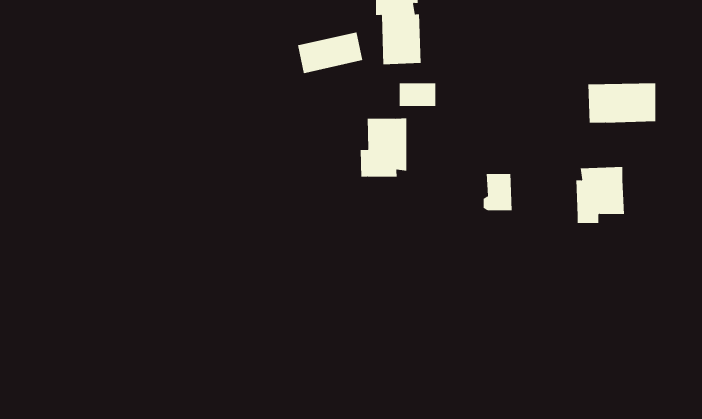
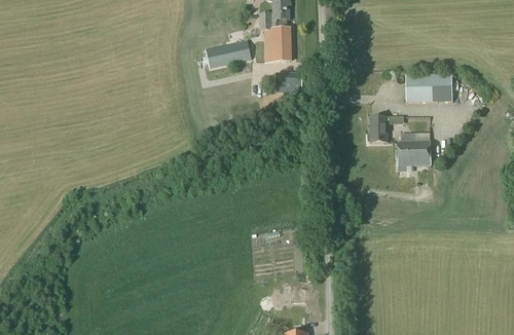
building: [360,118,407,177] -> none
building: [483,173,513,211] -> [367,116,388,142]

